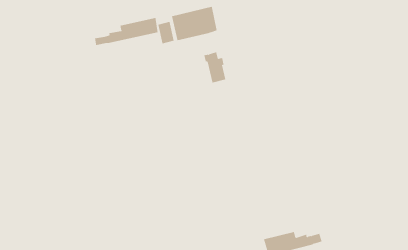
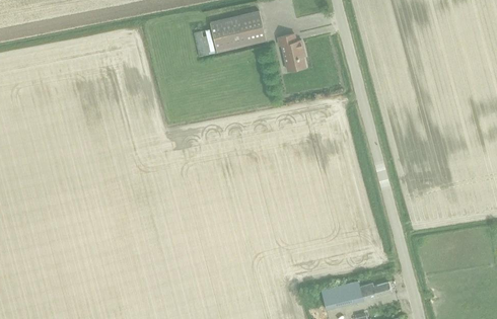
building: [95,17,158,46] -> none
building: [203,52,226,83] -> [278,33,305,71]

